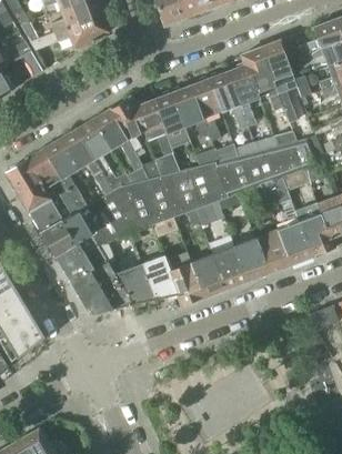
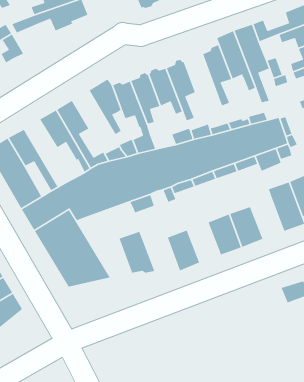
building: [209,72,248,130] -> none
building: [93,110,139,163] -> none
building: [43,140,87,210] -> none
building: [278,221,312,264] -> none
building: [98,242,154,307] -> none
building: [212,246,247,289] -> none
building: [163,252,204,305] -> none

